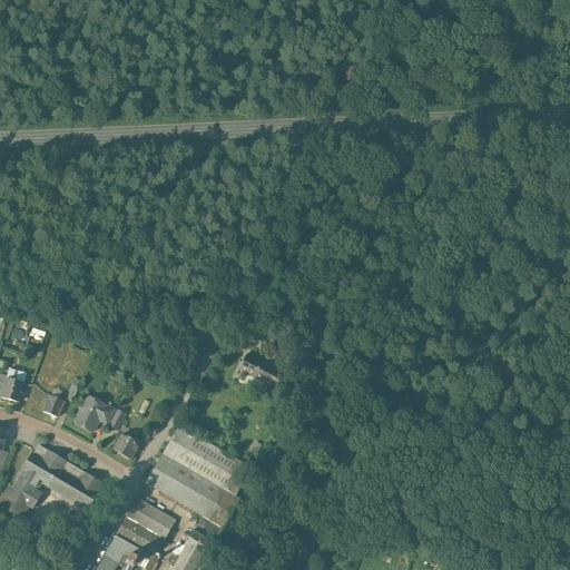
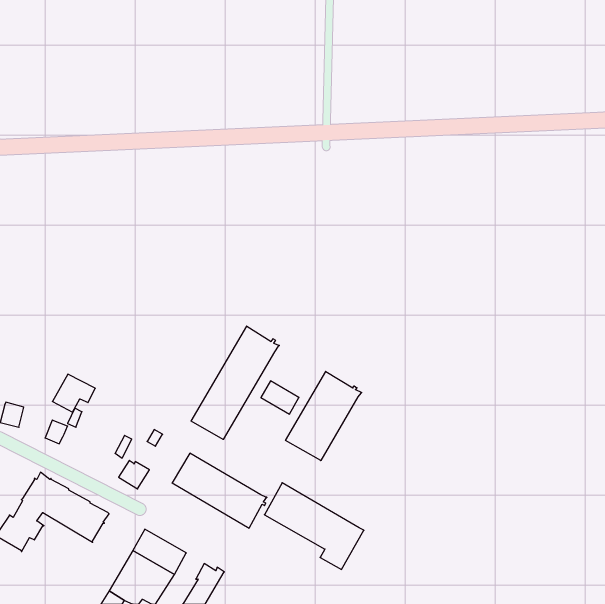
building: none -> [191,326,279,439]
building: none -> [286,371,362,461]
building: [72,395,112,431] -> [52,374,95,412]
building: [145,453,238,534] -> [264,483,364,569]

